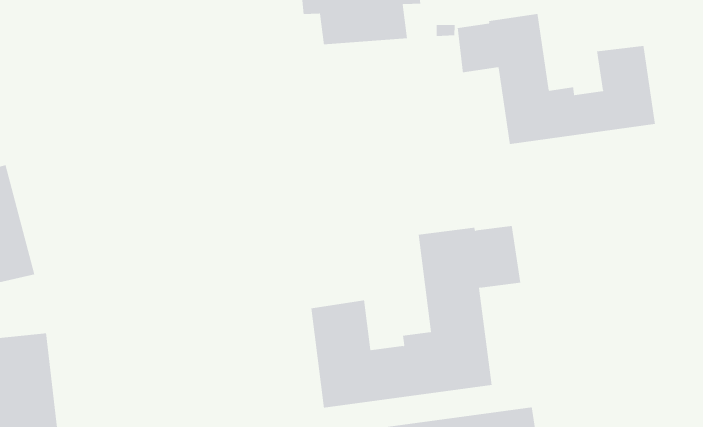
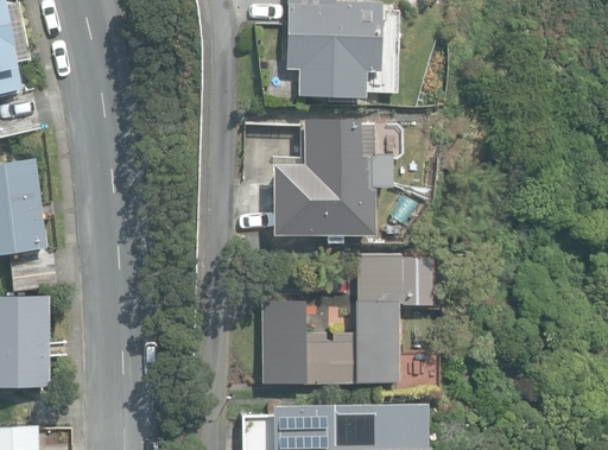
building: [457,13,656,145] -> none
building: none -> [272,120,401,235]

